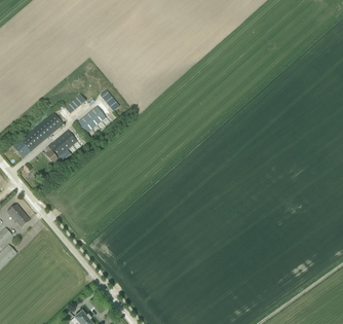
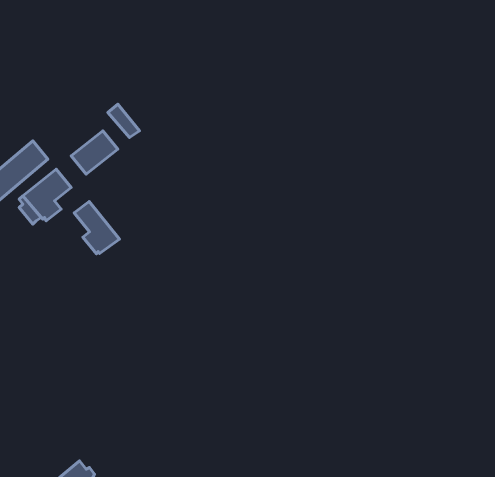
building: none -> [74,201,119,254]

